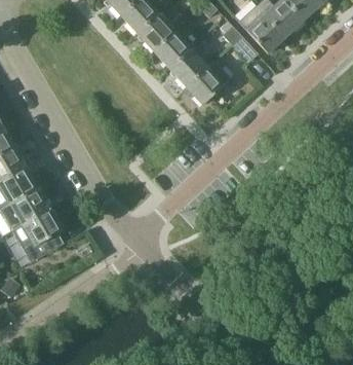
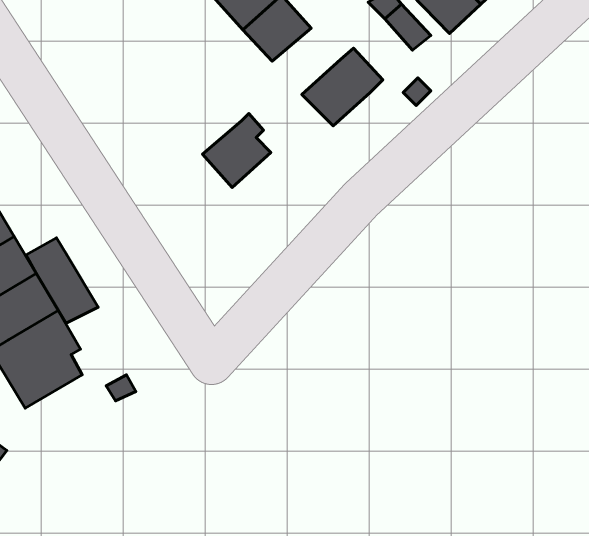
building: [169,45,207,86] -> [203,114,271,187]
building: none -> [26,238,98,323]

